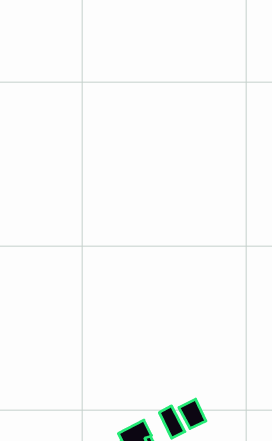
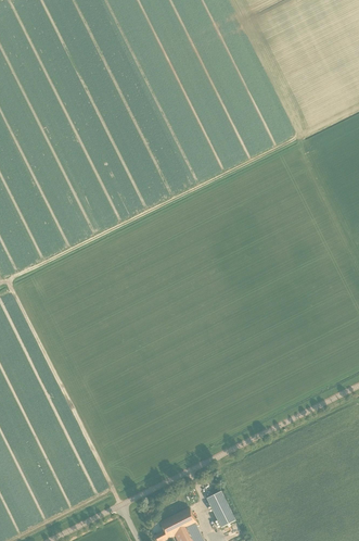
building: [179,399,206,429] -> none

